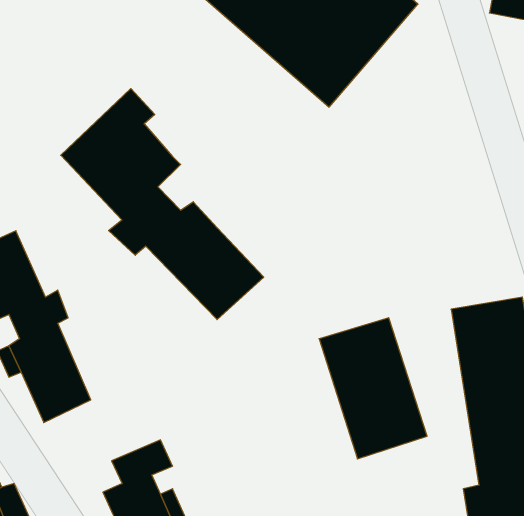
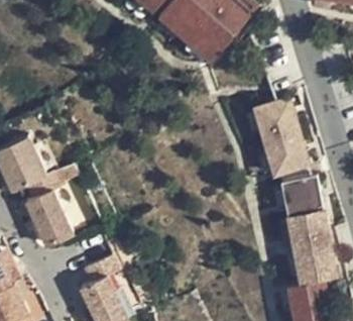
building: [61,89,264,320] -> none
building: [319,318,427,459] -> [250,97,313,179]

